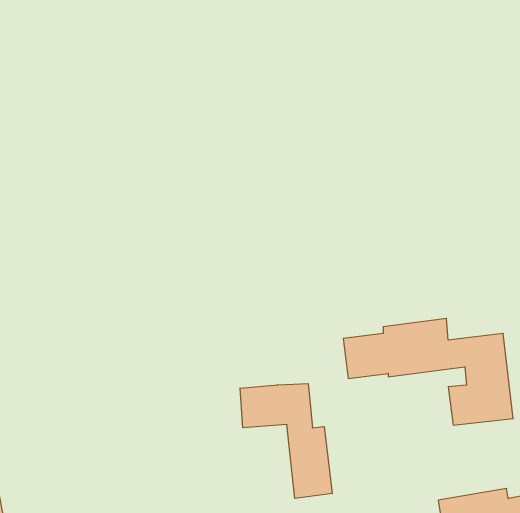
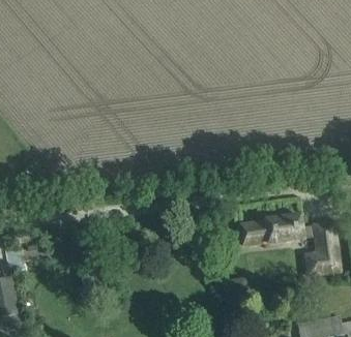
building: [240,384,332,498] -> none

